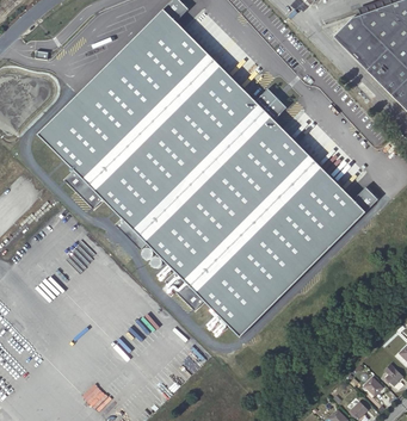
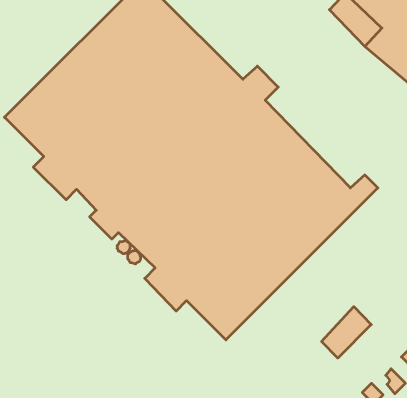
building: none -> [322,307,371,358]

